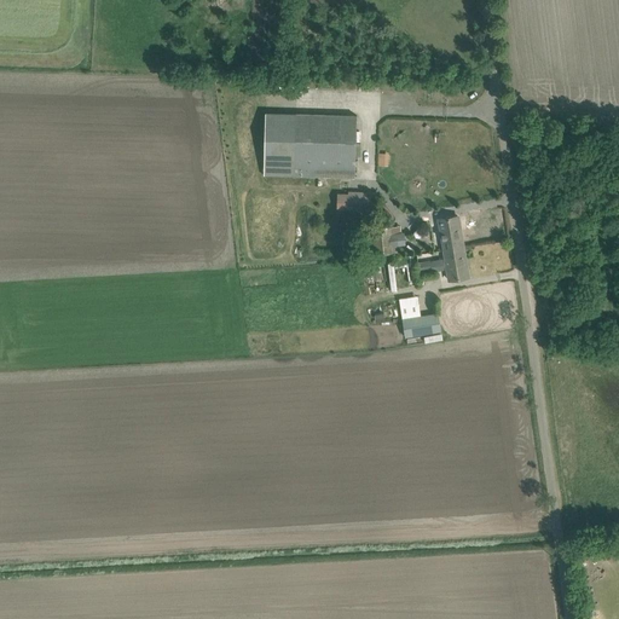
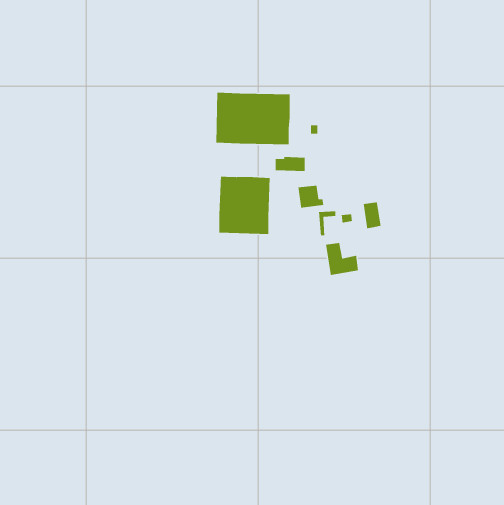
building: none -> [218,176,271,235]
building: [438,216,462,249] -> none

